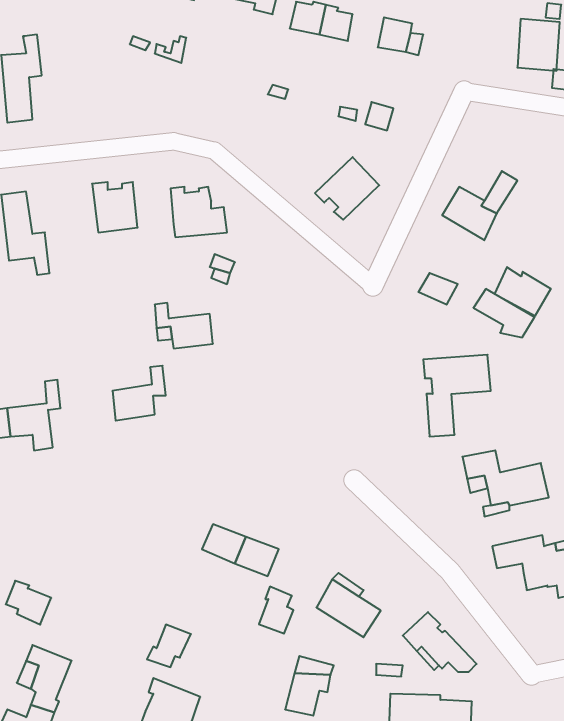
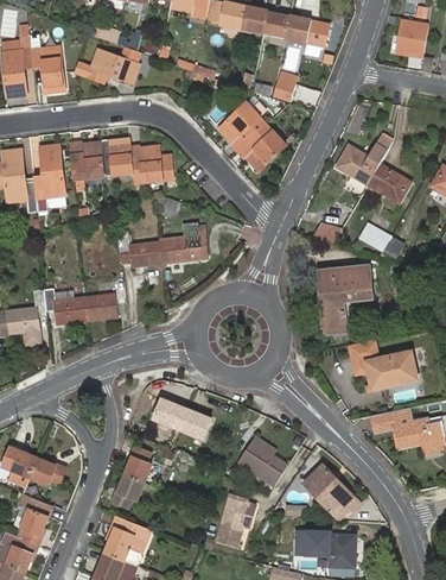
building: none -> [263,14,291,39]
building: none -> [28,29,64,92]
building: none -> [75,48,140,81]
building: none -> [219,101,267,150]
building: none -> [101,138,132,176]
building: none -> [34,144,65,210]
building: [494,267,551,316] -> [367,165,409,202]
building: none -> [159,223,208,264]
building: none -> [44,290,88,326]
building: [259,587,293,634] -> [126,448,152,484]
building: none -> [31,456,68,484]

